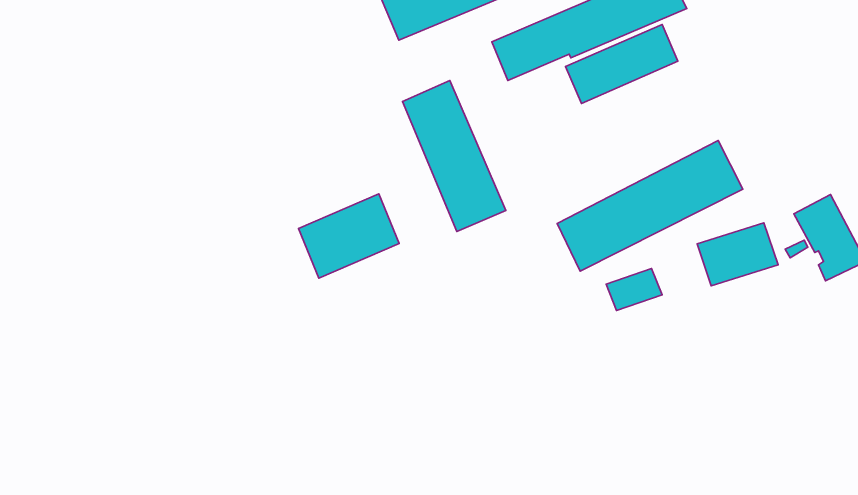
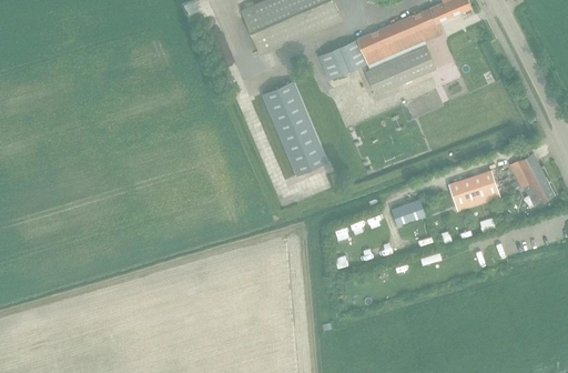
building: [557,141,743,271] -> none
building: [299,194,399,278] -> none

